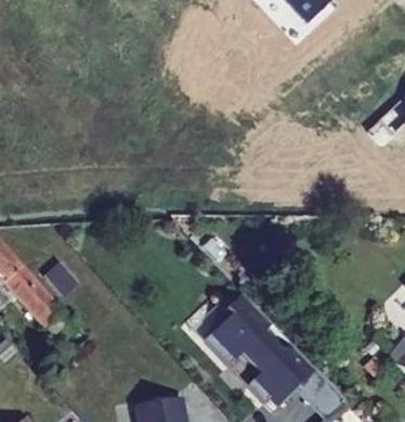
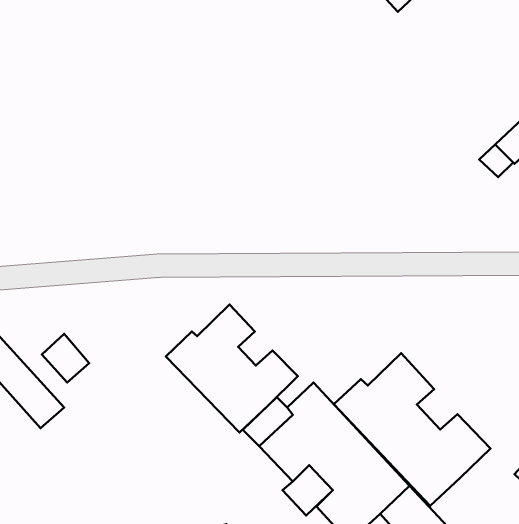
building: none -> [166,305,298,433]
building: none -> [334,353,491,506]

